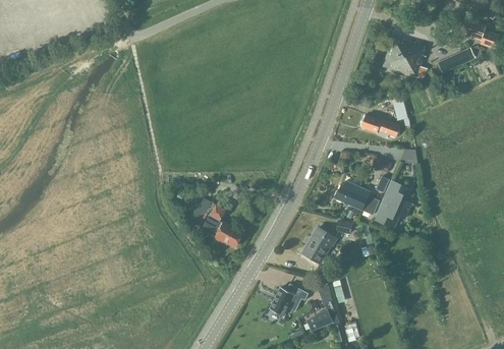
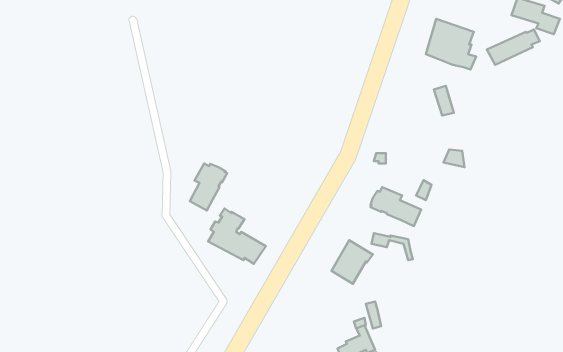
building: [360,114,400,137] -> none
building: none -> [190,164,227,210]
building: [374,180,410,228] -> none
building: [269,283,301,315] -> none

